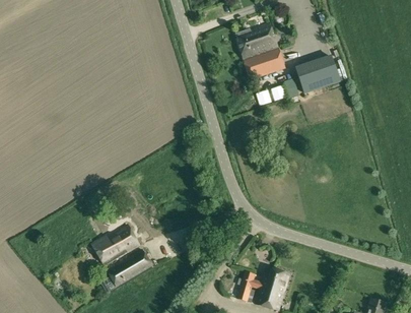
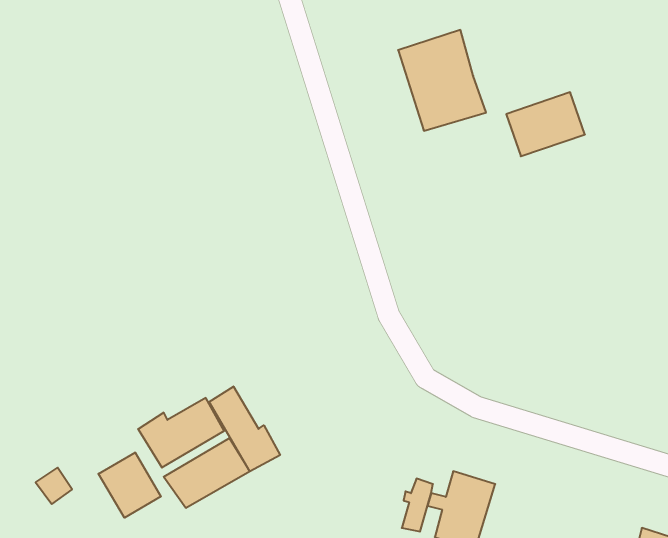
building: none -> [209,386,280,471]
building: none -> [98,452,161,518]

